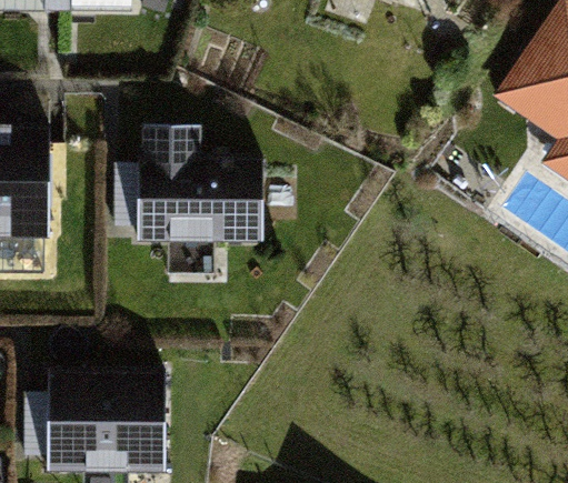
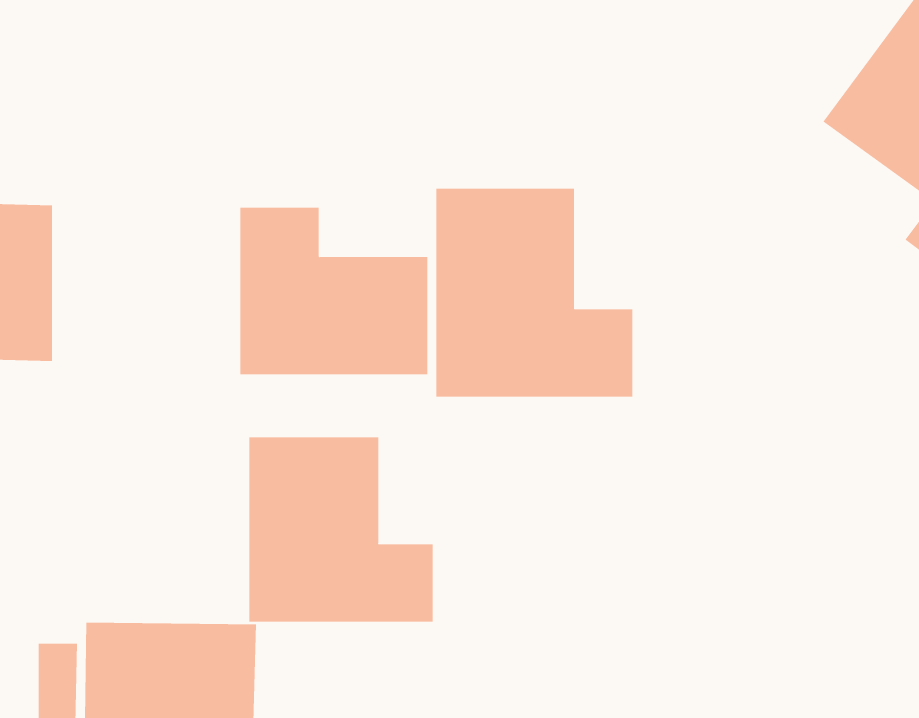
building: none -> [436,188,633,397]
building: none -> [249,436,433,622]

